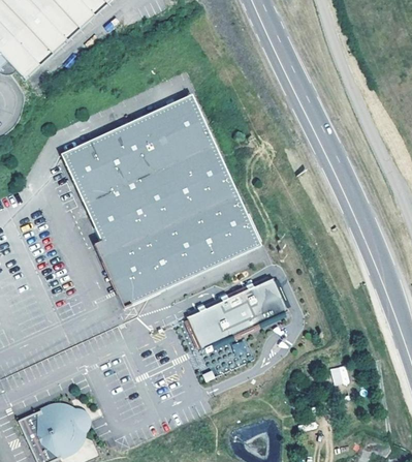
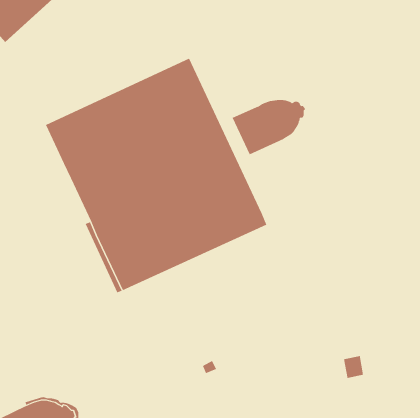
building: none -> [232,99,306,155]
building: [189,275,290,347] -> none

